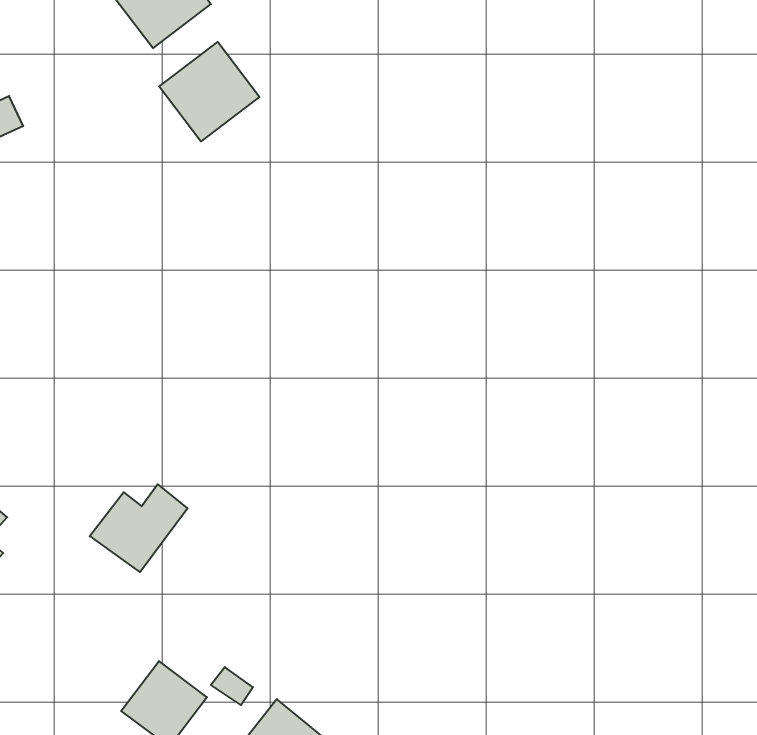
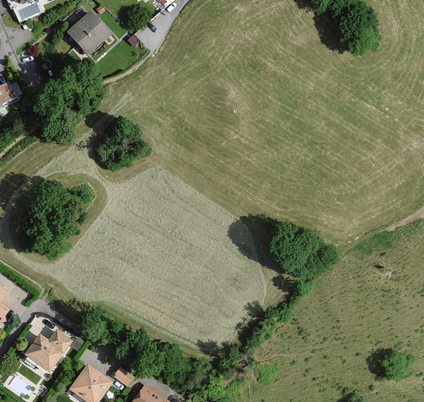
building: [159,42,259,141] -> none
building: [90,484,188,572] -> [22,329,71,373]

